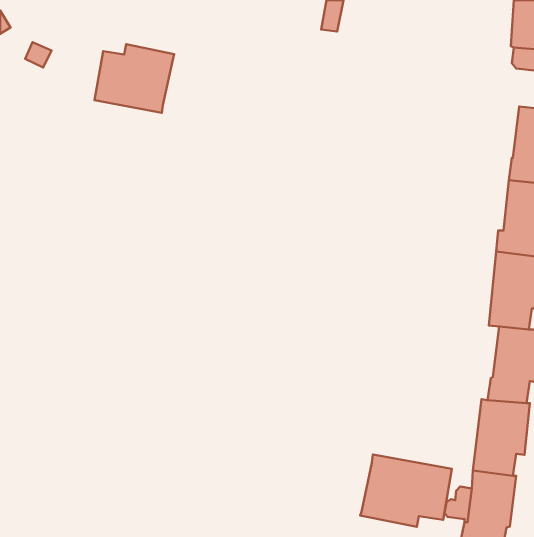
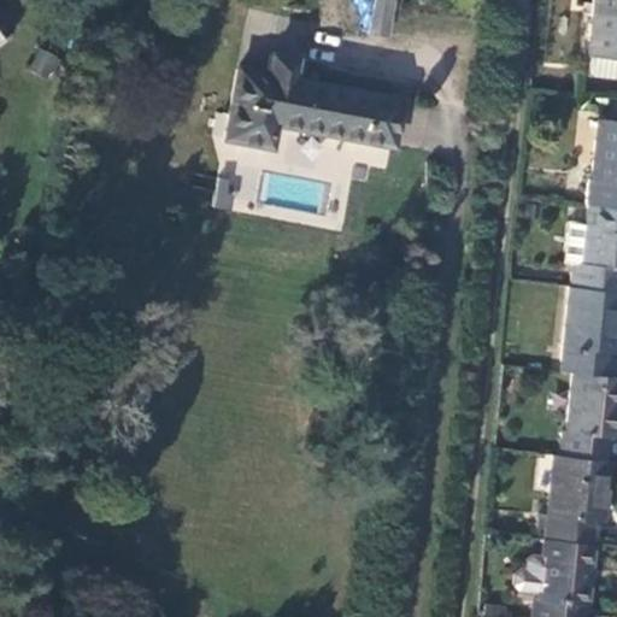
building: [95,44,174,113] -> none
building: none -> [228,58,402,148]
building: [360,455,452,527] -> none

